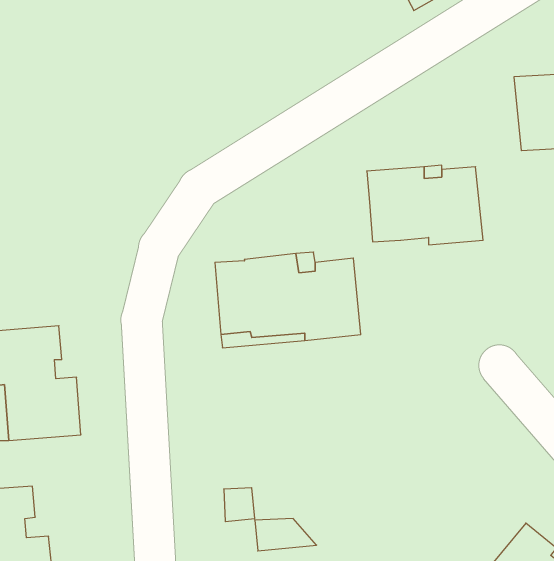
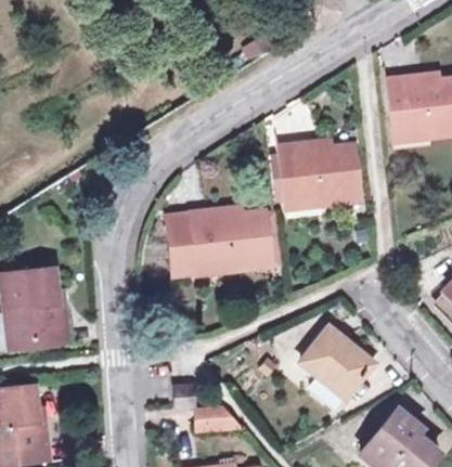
building: none -> [300,325,374,398]

